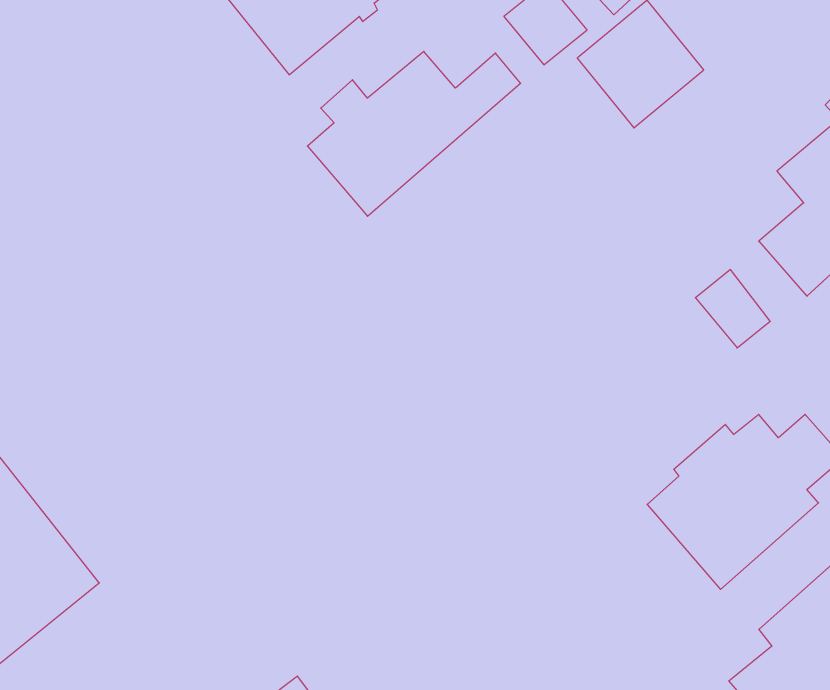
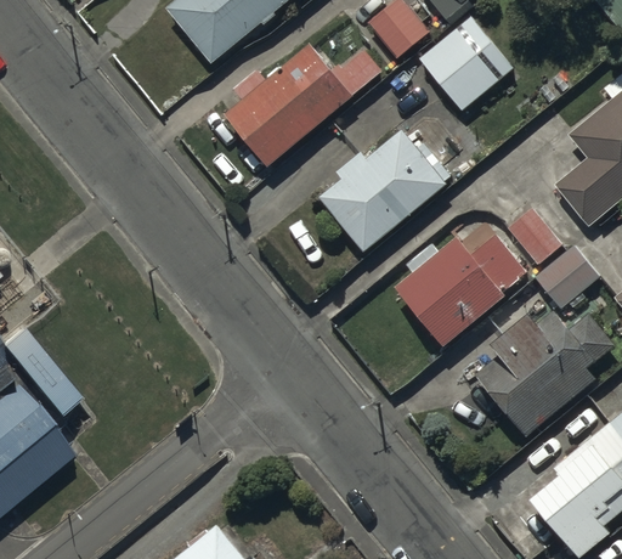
building: none -> [318,130,451,253]
building: none -> [396,232,527,348]
building: none -> [535,243,600,307]

